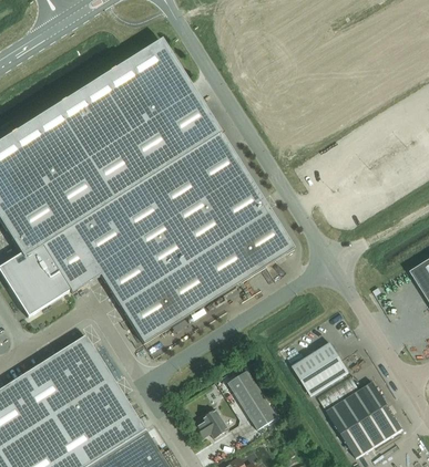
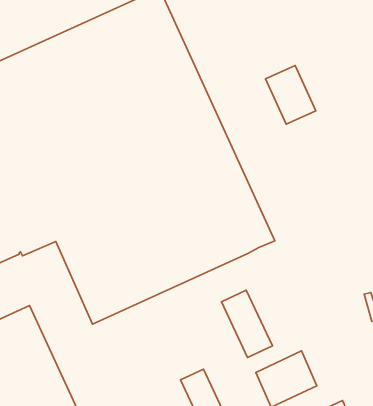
building: none -> [265,65,316,124]
building: none -> [221,290,272,357]

